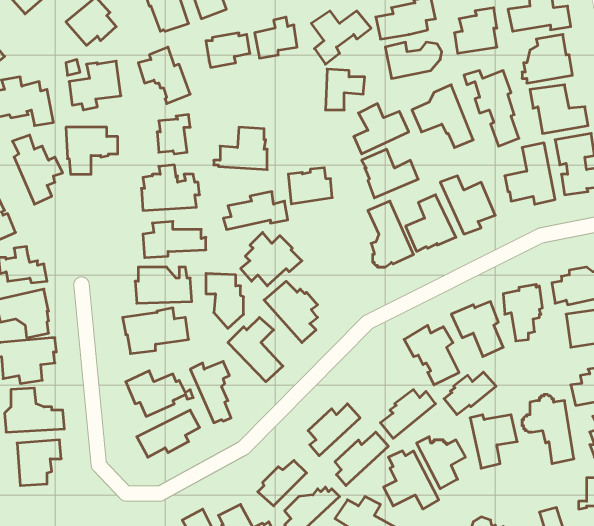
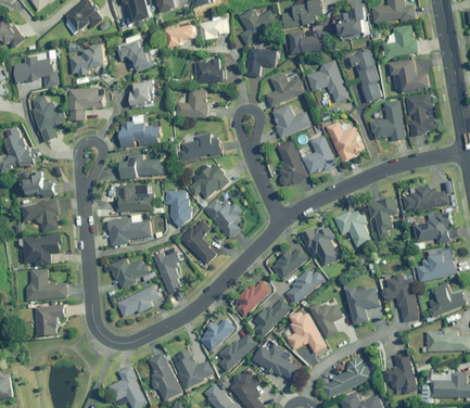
building: [288,168,332,204] -> [194,59,225,84]
building: [444,372,496,415] -> [271,248,307,278]

